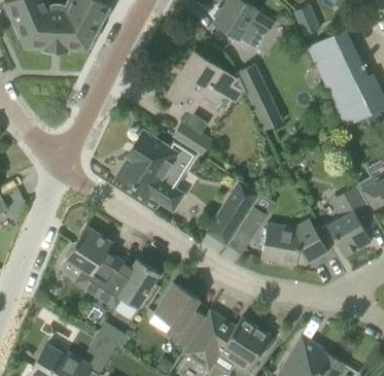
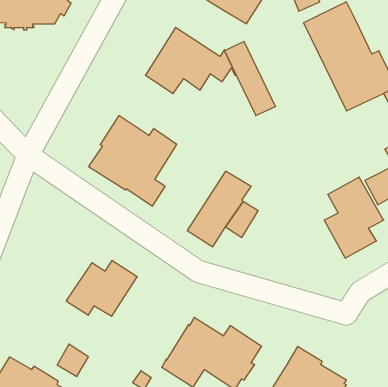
building: [172,121,212,157] -> none
building: [261,219,328,266] -> none
building: [66,227,119,295] -> none
building: [153,283,205,348] -> none

